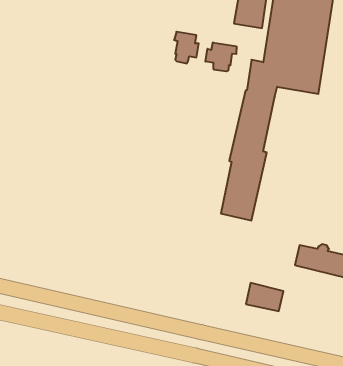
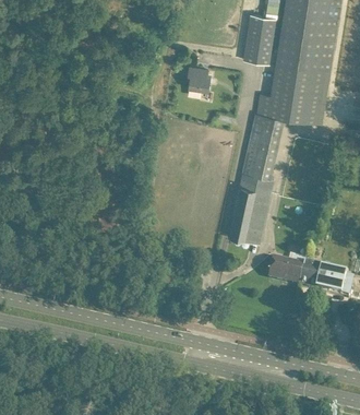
building: [205,42,236,71] -> none
building: [246,283,283,311] -> [269,258,304,284]

